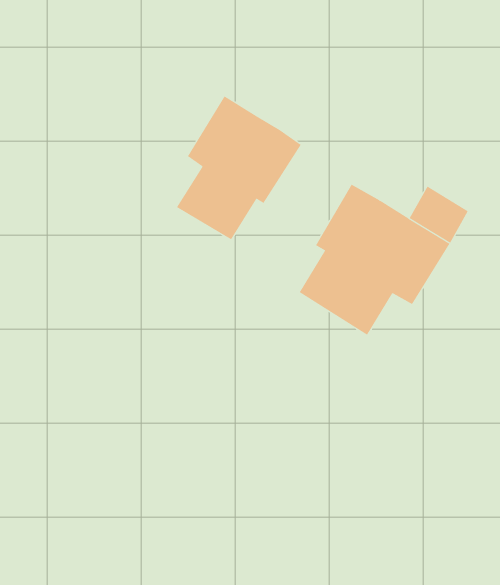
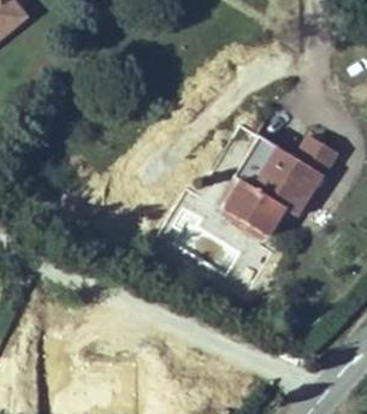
building: [176,96,302,240] -> none

